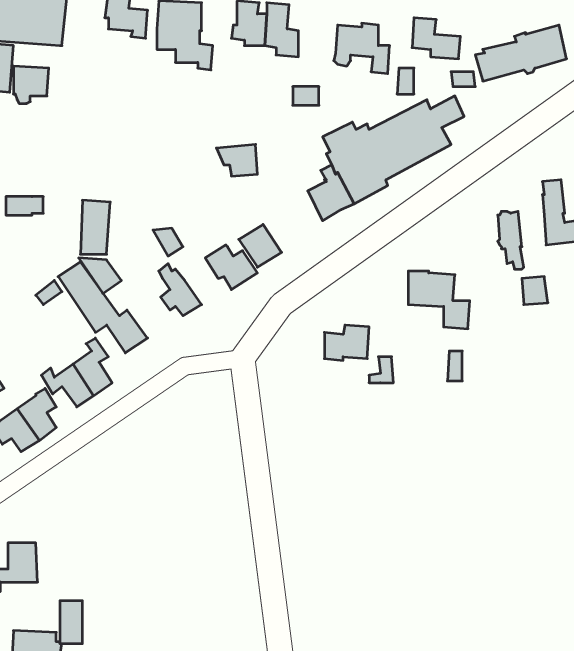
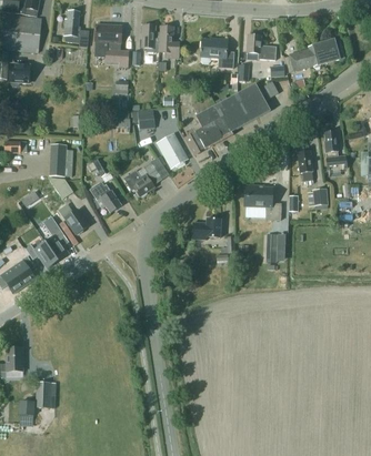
building: none -> [157,133,188,168]

